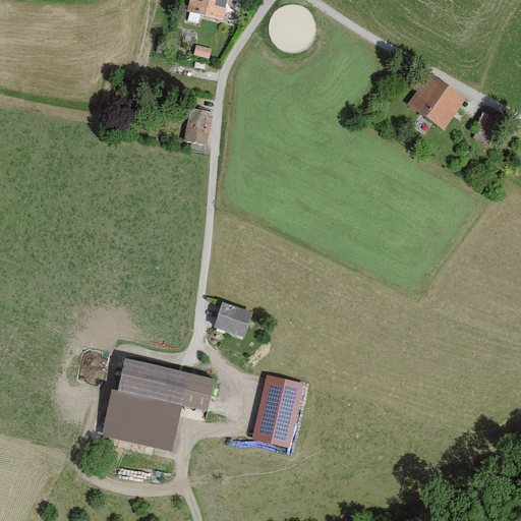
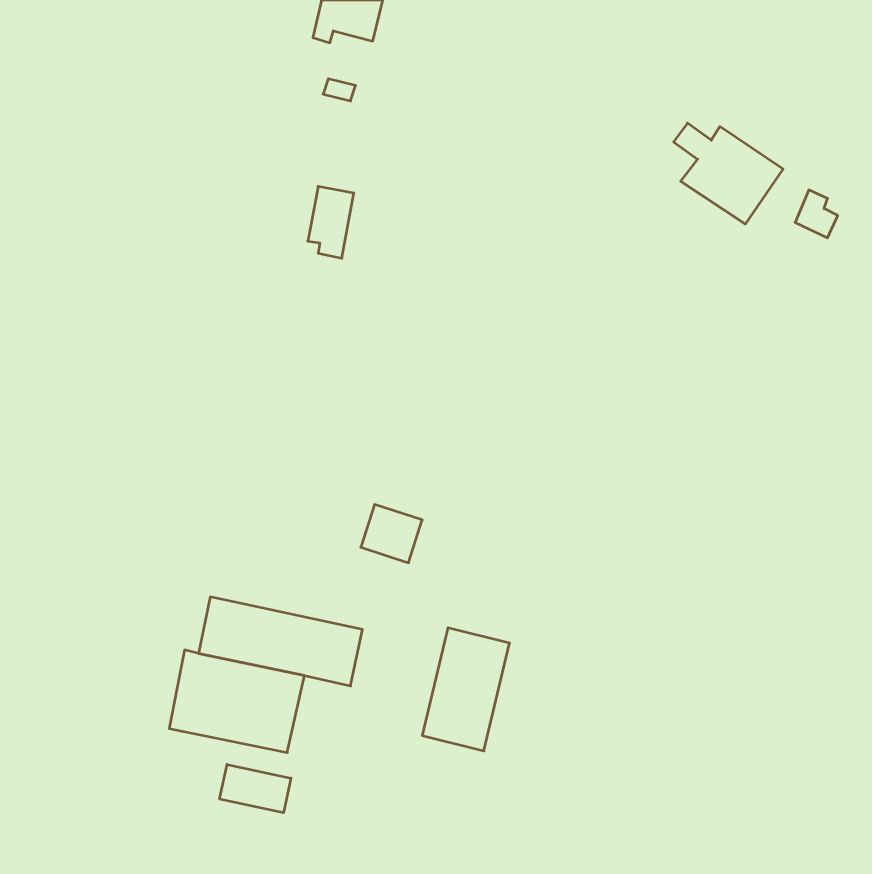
building: none -> [220,764,291,813]

